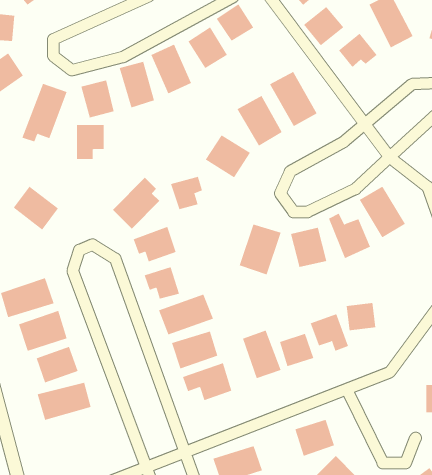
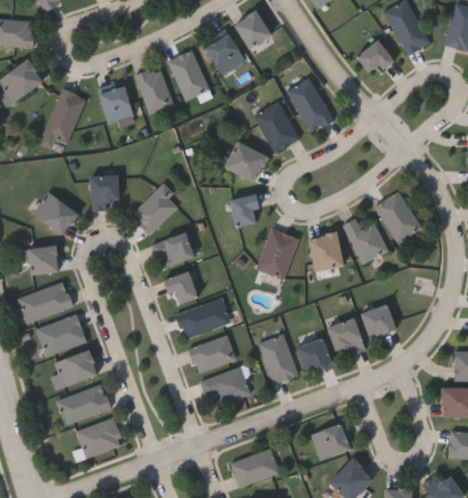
building: [303,6,344,46] -> none
building: [76,124,105,159] -> [90,176,118,210]
building: [170,176,203,210] -> [228,193,260,227]
building: none -> [27,245,57,274]
building: none -> [76,418,122,458]

